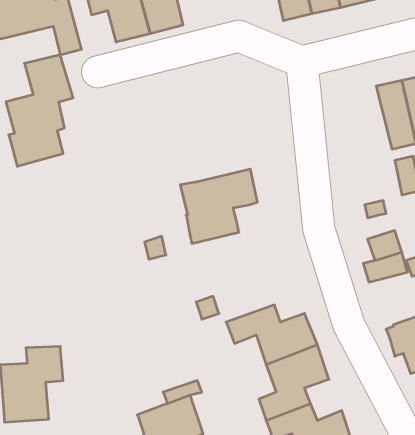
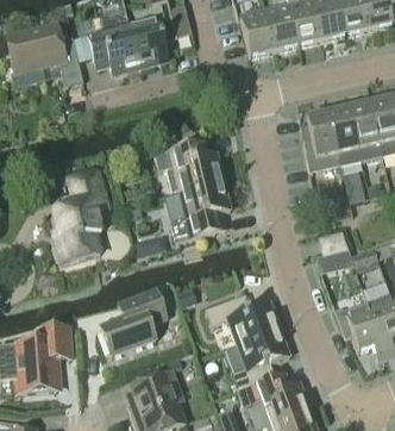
building: [6,55,73,166] -> [51,169,107,262]
building: none -> [305,111,341,171]
building: none -> [153,142,224,190]
building: none -> [99,288,167,355]

